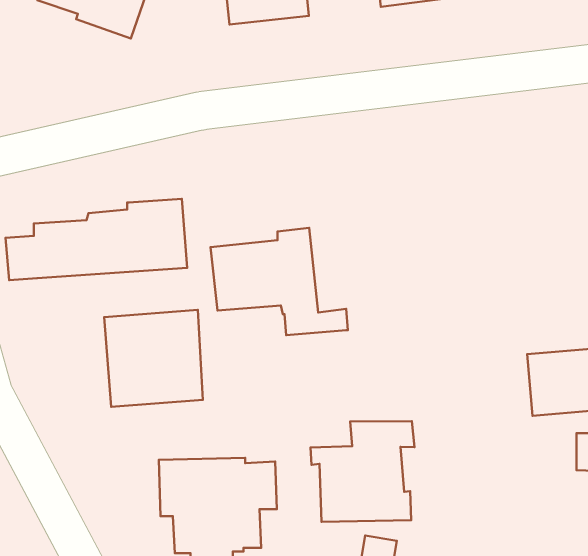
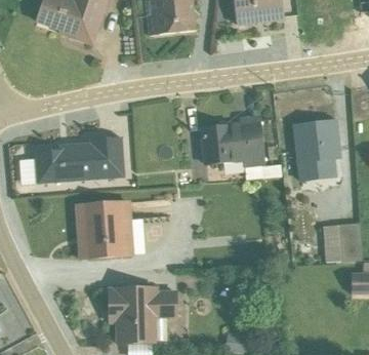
building: none -> [293,120,338,181]
building: [210,228,348,335] -> [201,116,281,179]
building: [310,421,414,522] -> none

